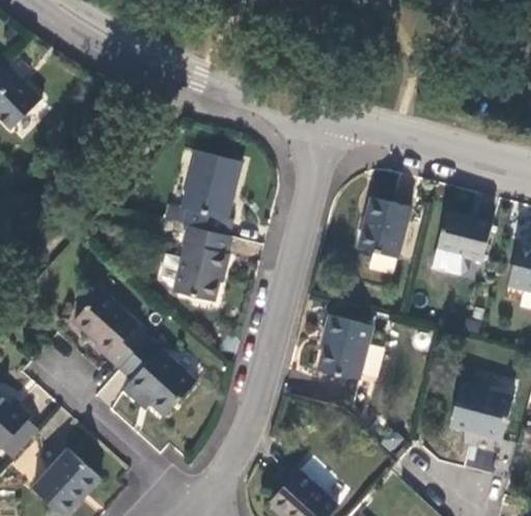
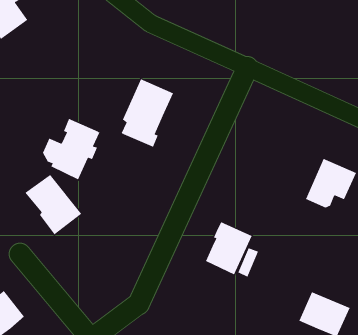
building: [358,197,410,257] -> none
building: [160,225,229,302] -> [42,118,100,180]
building: [119,337,196,417] -> none

